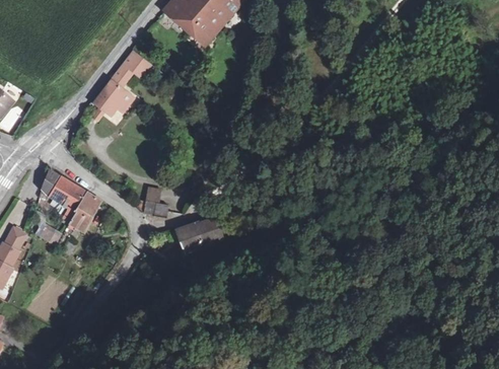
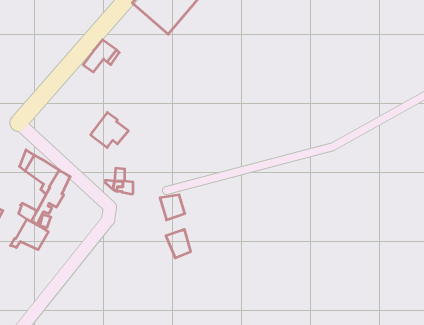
building: [93,76,135,115] -> [91,112,128,148]
building: [175,222,203,253] -> [166,229,191,258]
building: none -> [10,219,48,250]

